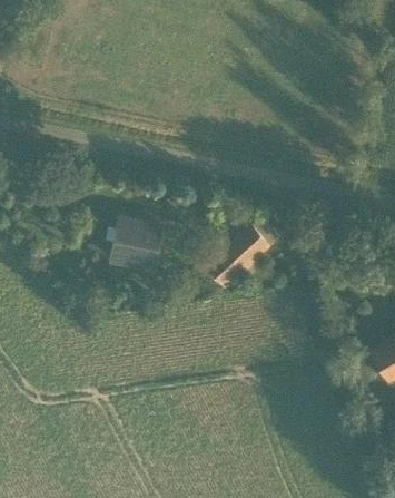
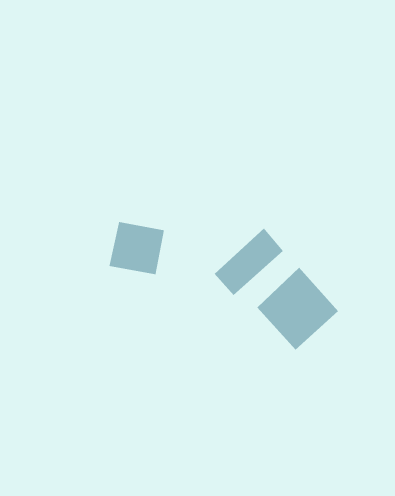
building: none -> [257,267,339,350]

